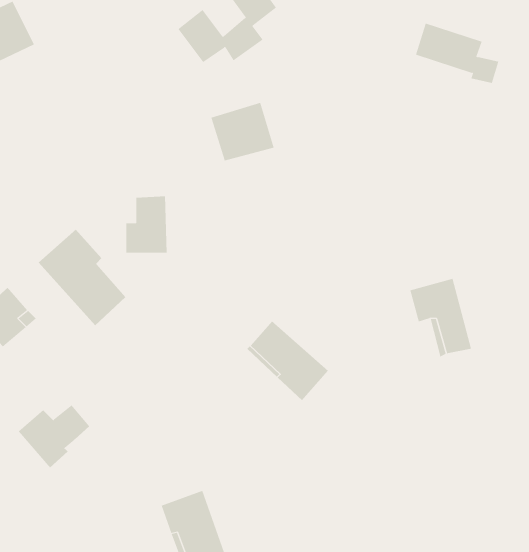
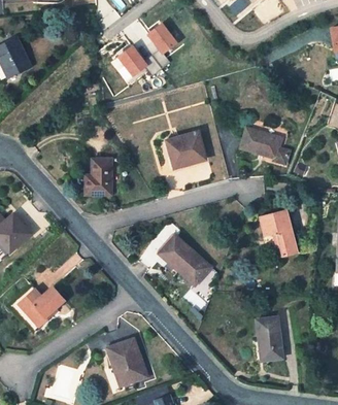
building: [415,23,499,83] -> [240,128,292,165]
building: [211,102,274,161] -> [166,132,205,168]
building: [38,229,126,326] -> none
building: none -> [256,317,282,360]

